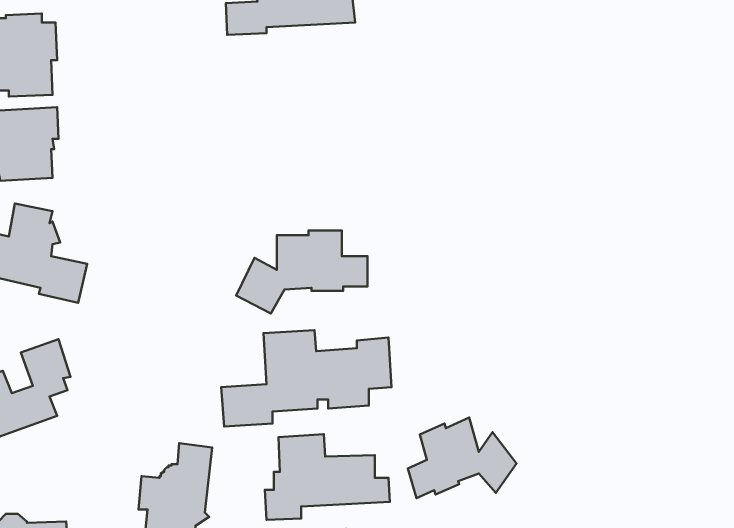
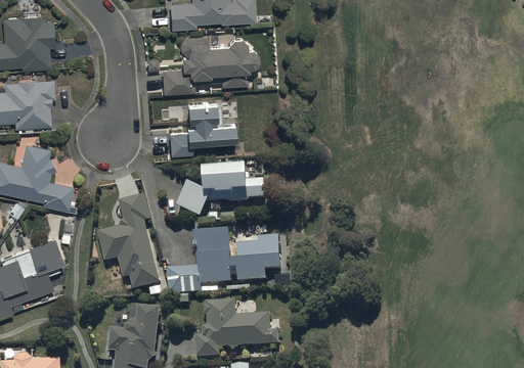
building: none -> [161,32,258,91]
building: none -> [168,102,235,156]
building: none -> [96,193,161,295]
building: [408,418,516,498] -> none

